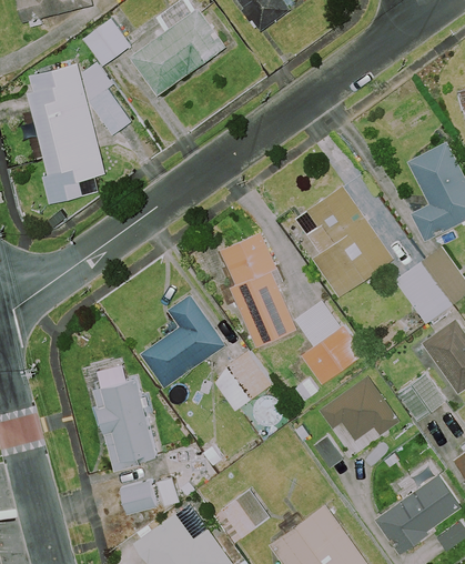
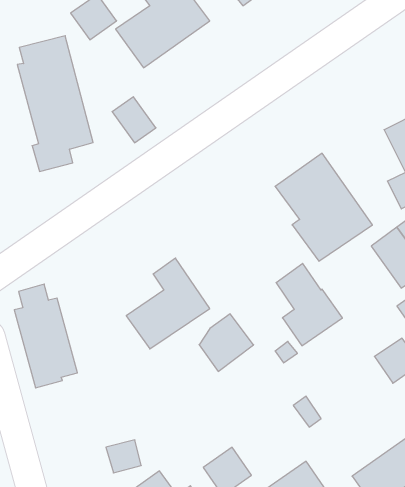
building: [88,88,133,135] -> [112,97,156,143]
building: [221,232,297,346] -> none
building: [92,364,158,472] -> [14,284,77,388]
building: [320,375,401,441] -> none

